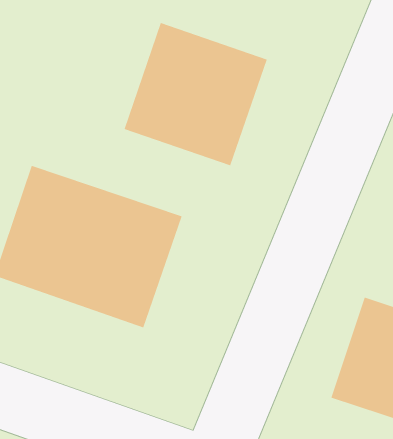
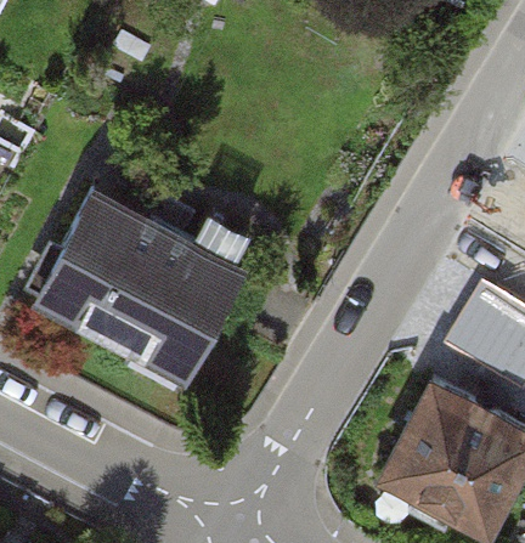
building: [124,22,267,166] -> none

